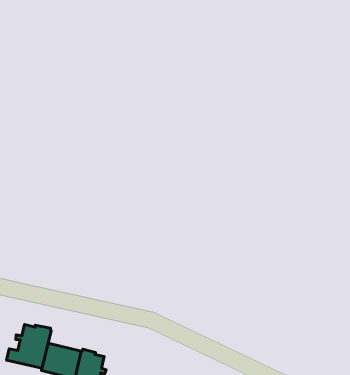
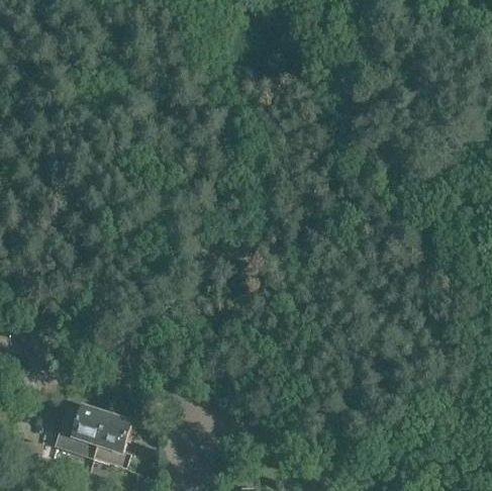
building: [6,324,51,368] -> none

